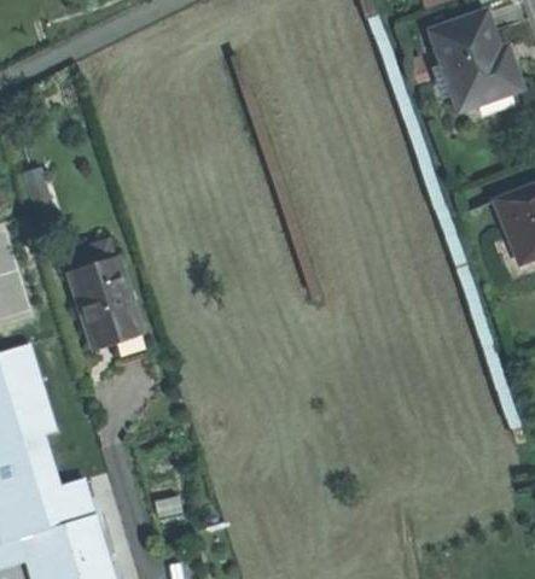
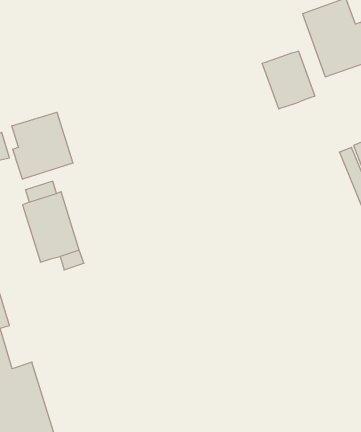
building: none -> [262,51,315,109]
building: none -> [12,112,73,179]

